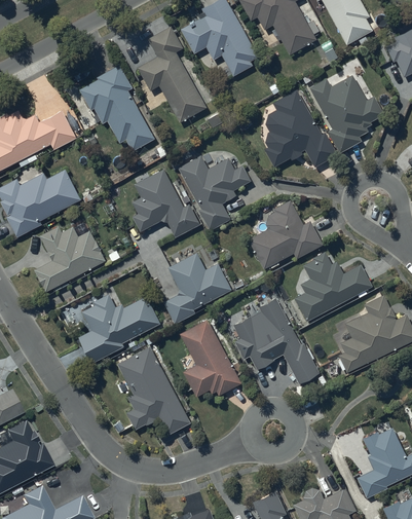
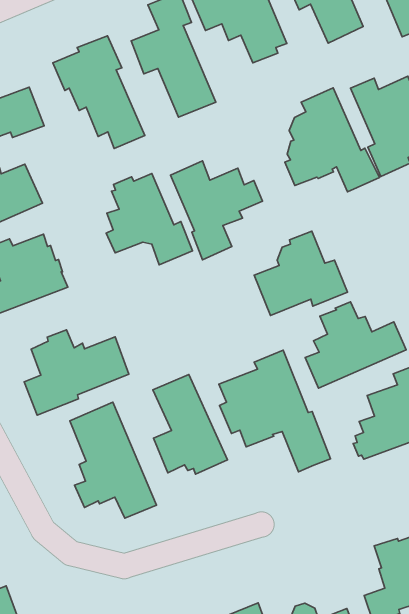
building: [164,252,232,323] -> none

